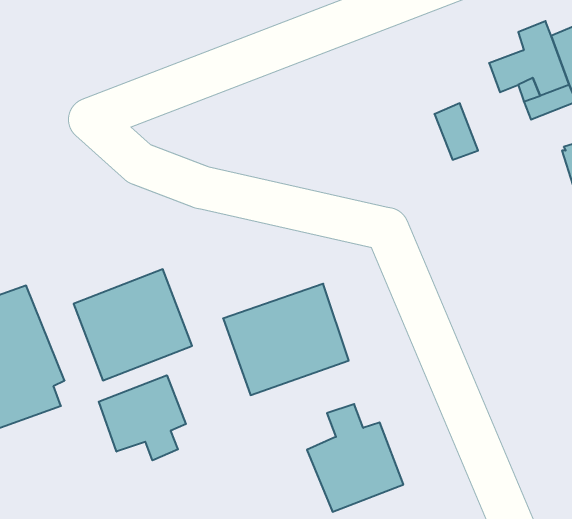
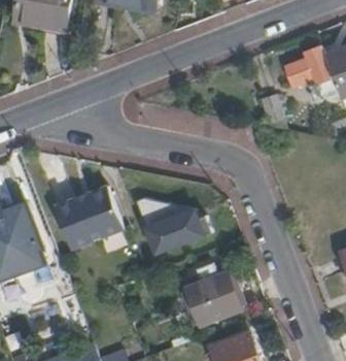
building: [99,375,186,460] -> none

